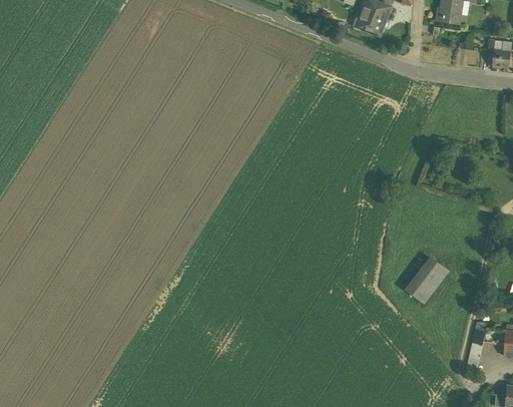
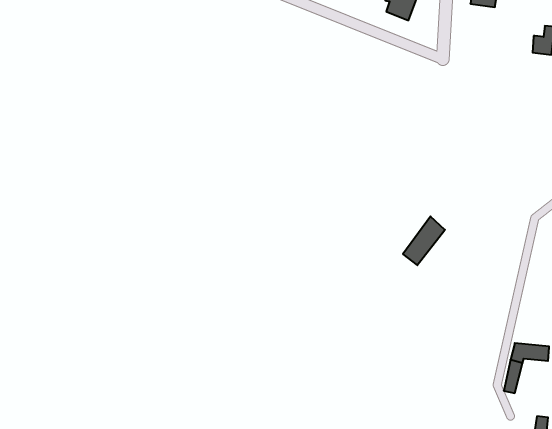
building: [406,255,444,299] -> [403,216,445,265]

